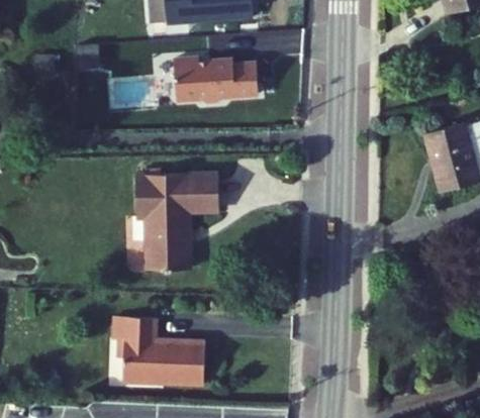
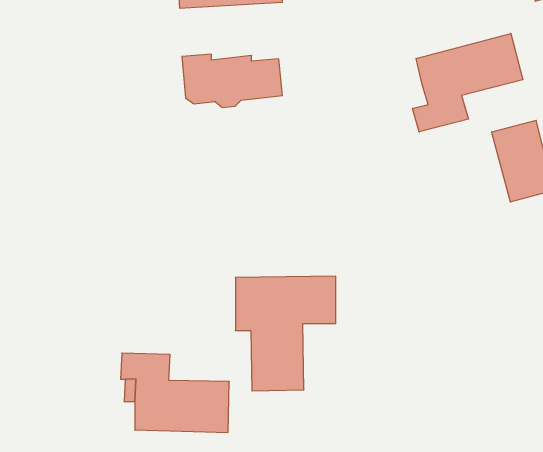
building: none -> [413,33,523,132]
building: [132,169,218,267] -> [235,276,336,391]

